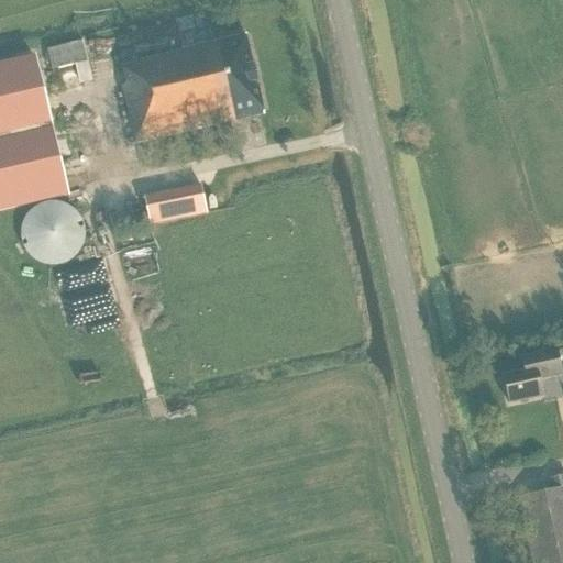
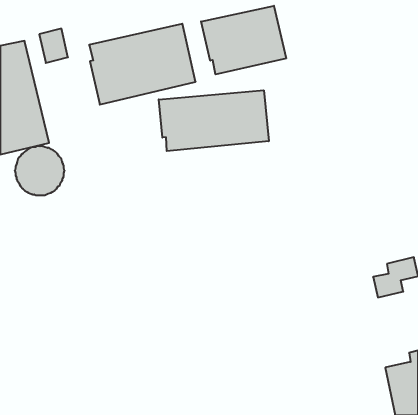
building: none -> [201,6,286,74]
building: none -> [159,90,269,151]
building: [147,186,208,220] -> none

